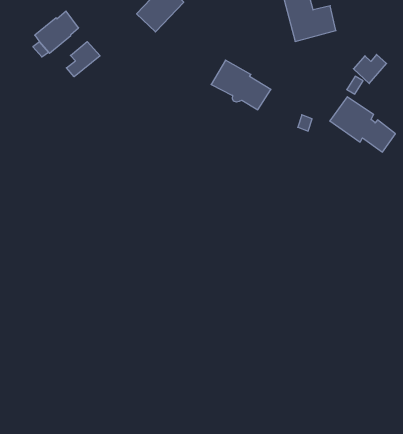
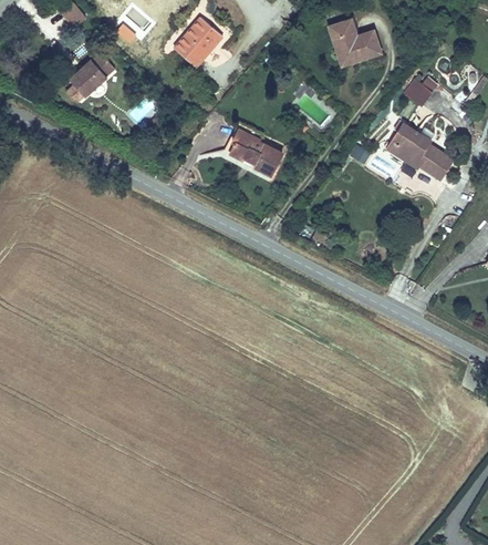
building: [66,42,100,77] -> none
building: [211,60,271,110] -> [222,126,285,176]

